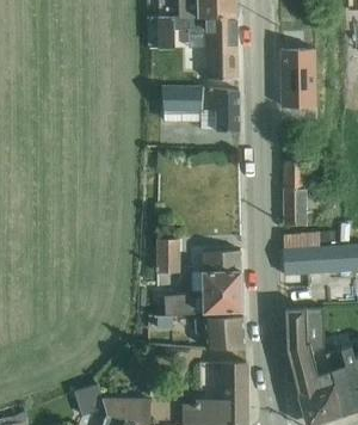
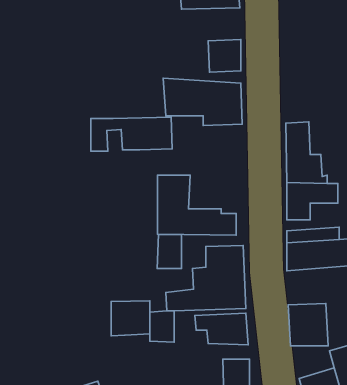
building: [158,17,237,50] -> [91,117,172,151]
building: [279,49,315,107] -> none
building: none -> [157,175,236,235]
building: none -> [111,301,150,336]
building: [286,350,317,382] -> none

